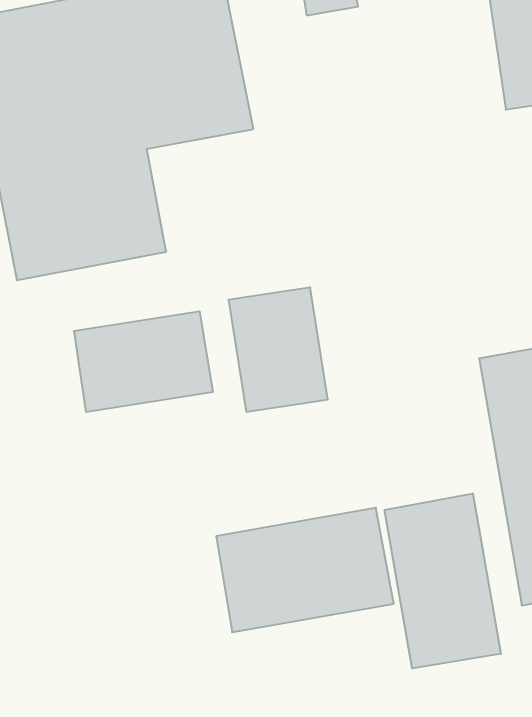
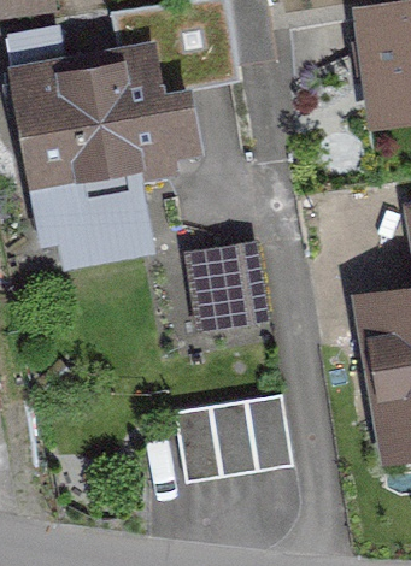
building: [74,311,213,412] -> none
building: [385,493,501,669] -> none

